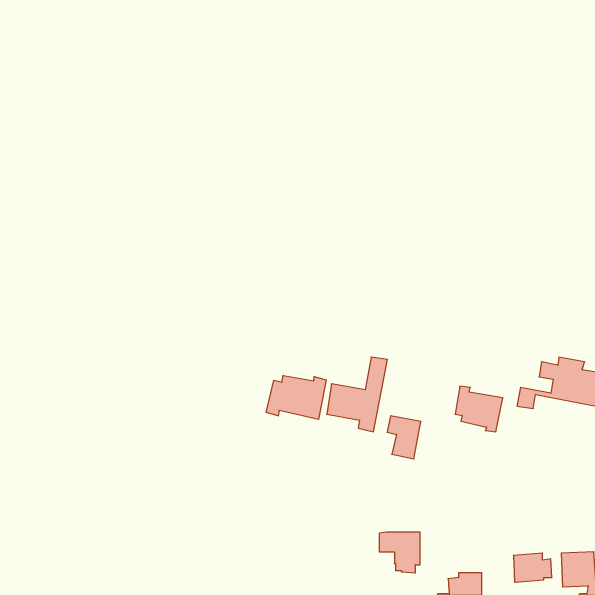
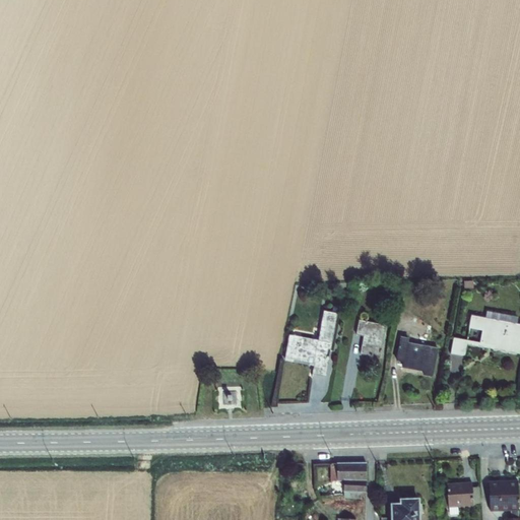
building: [266,375,326,419] -> none
building: [387,416,421,459] -> [356,320,386,358]

